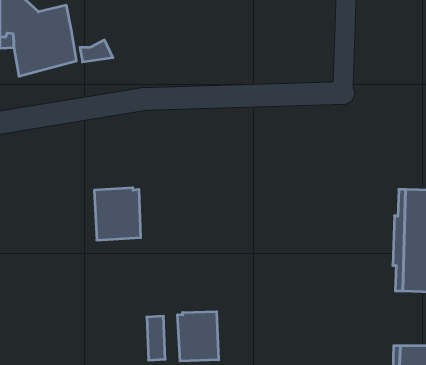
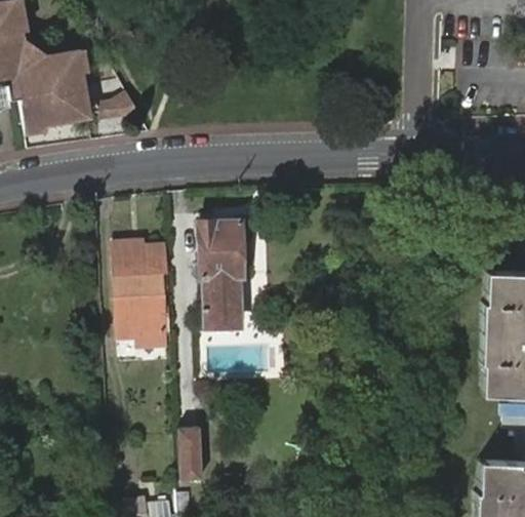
building: none -> [198,218,244,330]
building: none -> [114,238,170,274]
building: [178,312,219,361] -> none

